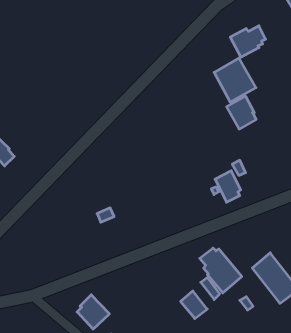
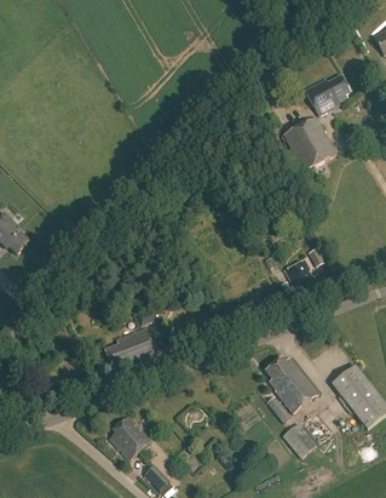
building: [227,96,256,129] -> none
building: none -> [105,327,159,370]
building: [181,291,207,319] -> [282,420,316,456]

